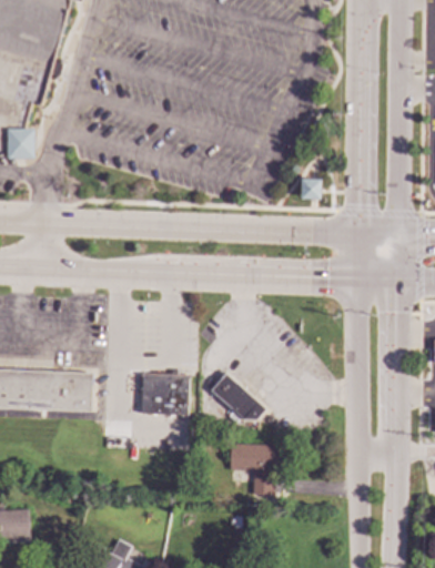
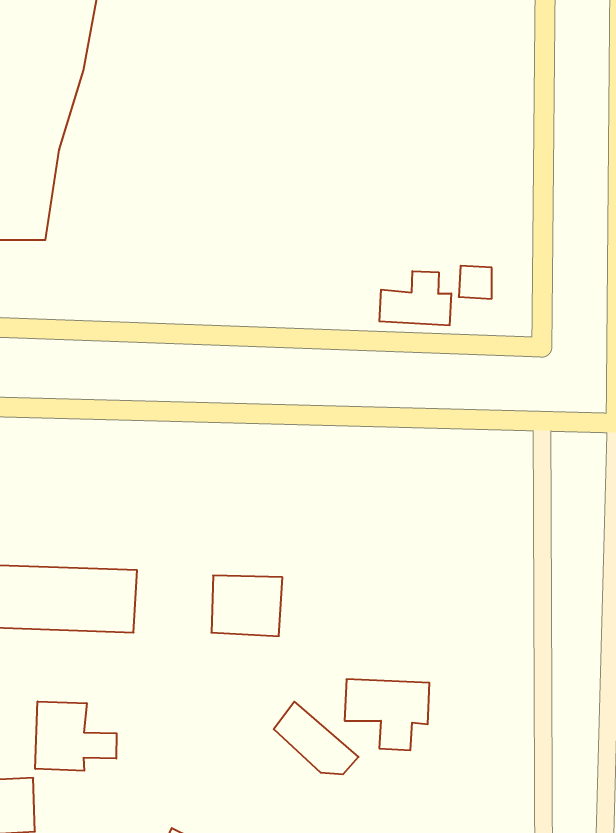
building: none -> [379,271,451,325]
building: [213,374,267,420] -> [274,702,359,774]
building: none -> [35,701,117,771]

